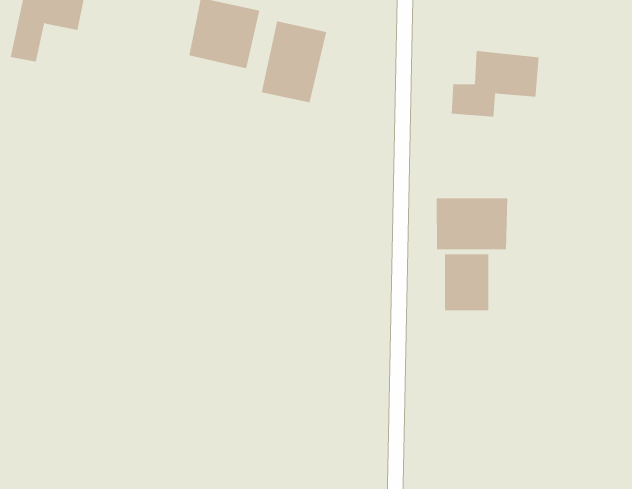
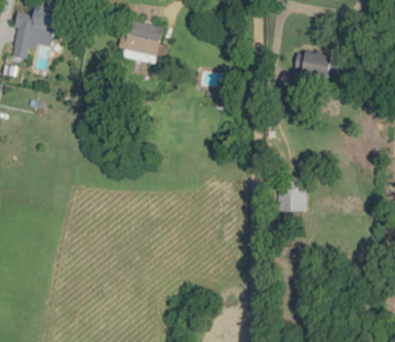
building: [261,20,327,103] -> none
building: [436,198,508,250] -> none

